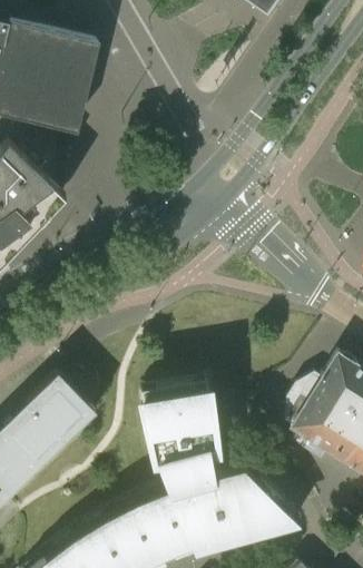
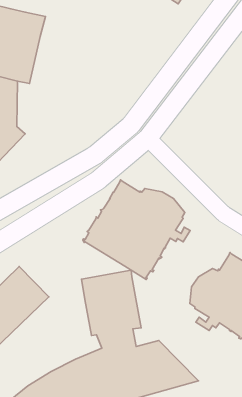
building: none -> [83,180,190,279]

